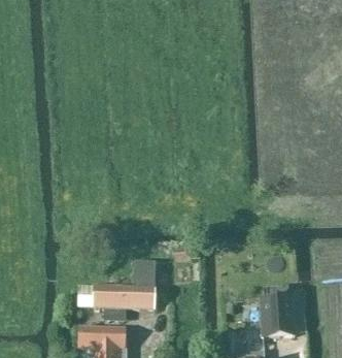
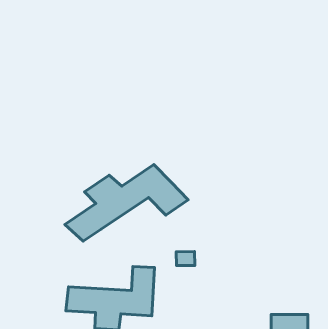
building: none -> [65,165,188,241]

